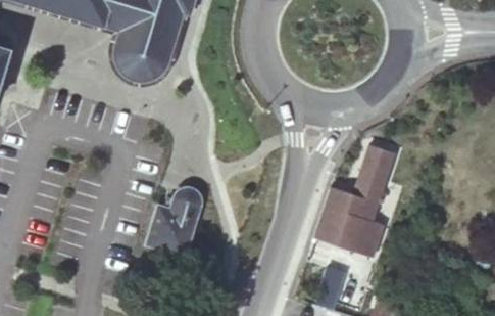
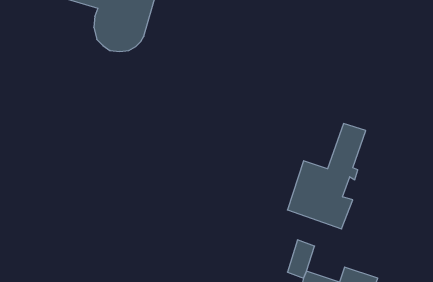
building: [149,186,202,257] -> none

